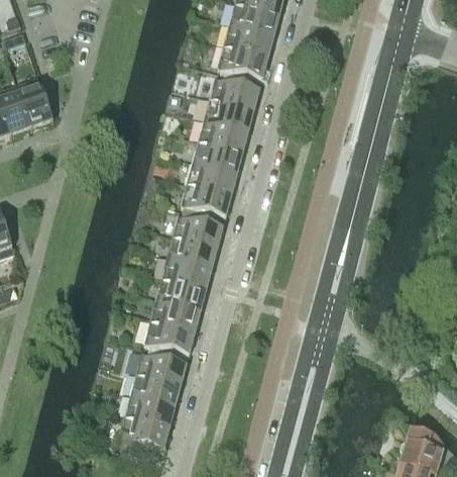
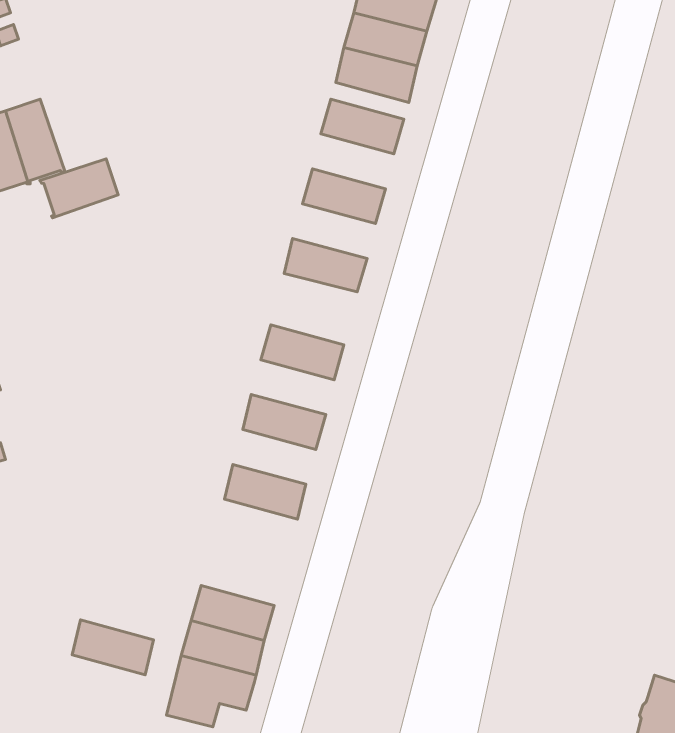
building: [204,98,253,131] -> none
building: none -> [40,159,118,218]
building: [192,140,242,174] -> none
building: [181,183,231,216] -> none
building: [166,235,217,269] -> none
building: [155,278,206,311] -> none
building: [144,320,195,354] -> none
building: [136,352,186,385] -> [72,620,154,675]

